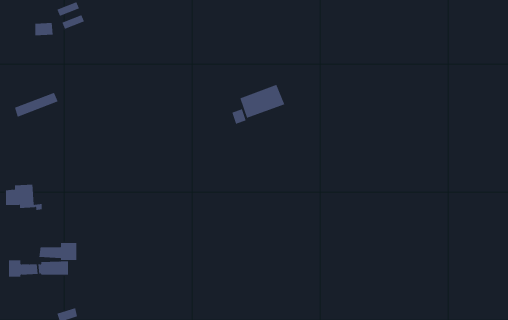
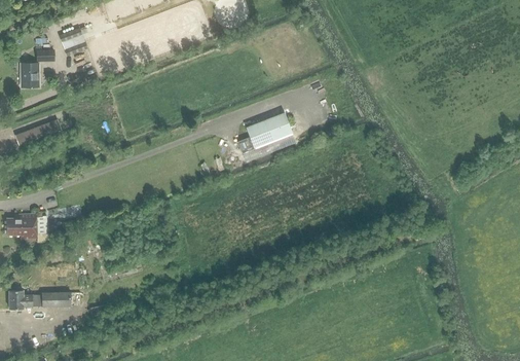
building: none -> [22,64,38,87]
building: [39,242,77,261] -> none

